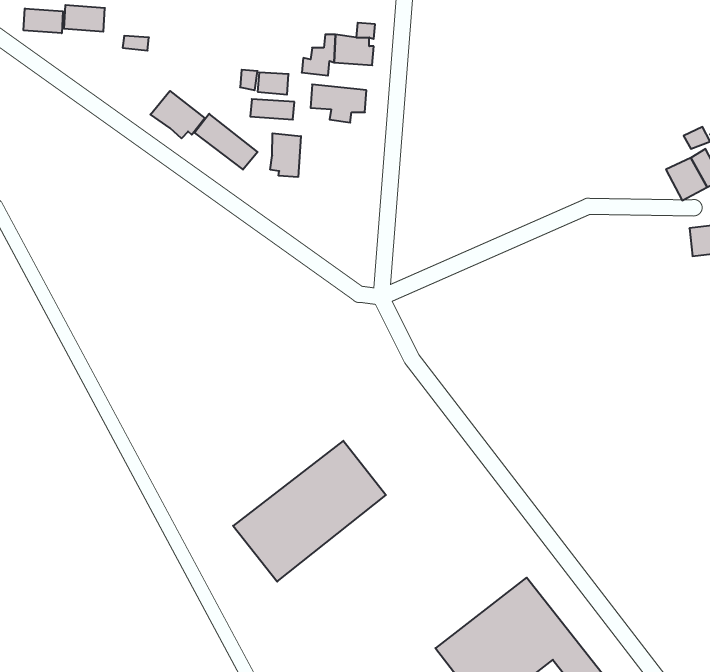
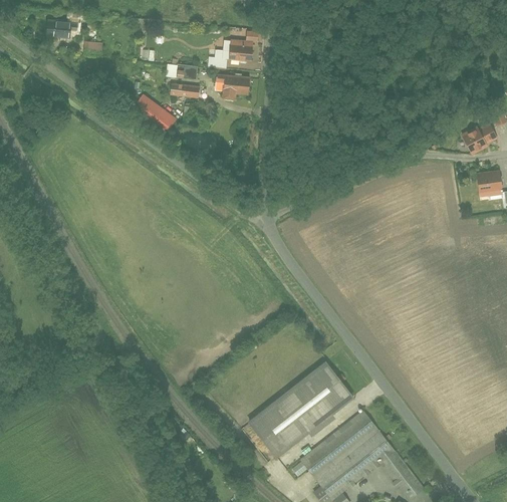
building: [24,8,63,33] -> none
building: [150,91,205,138] -> none
building: [270,133,301,177] -> none
building: [233,441,386,582] -> [248,364,352,461]

